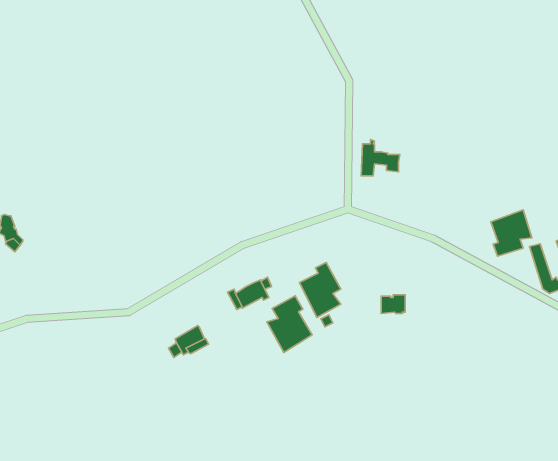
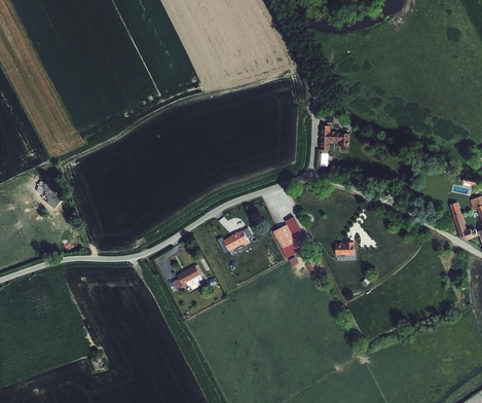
building: [491,210,532,256] -> none
building: [267,296,312,353] -> none

